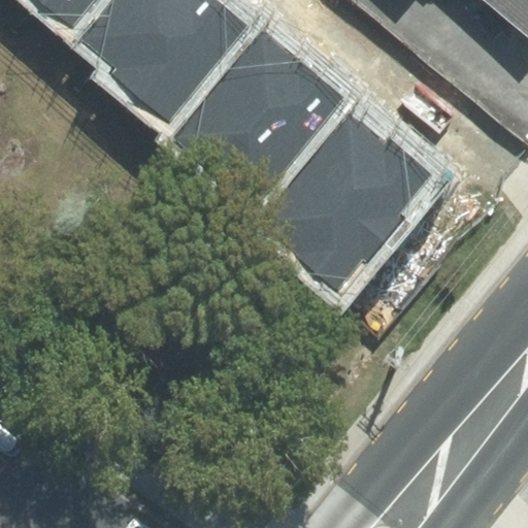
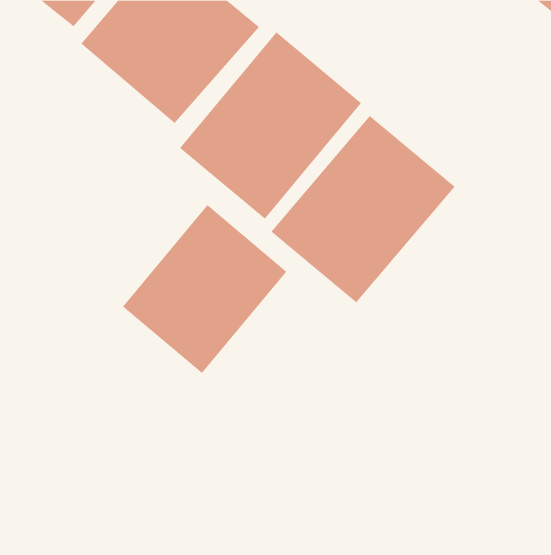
building: none -> [122,204,287,374]

